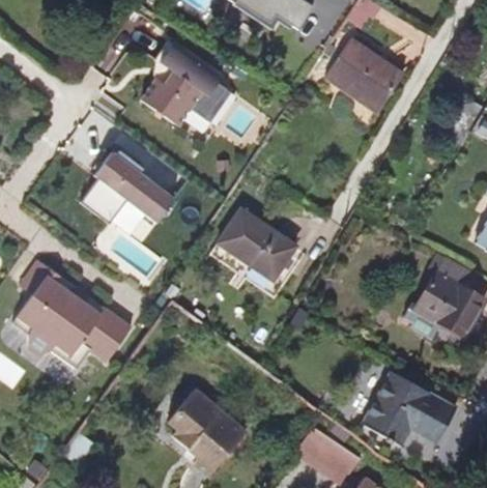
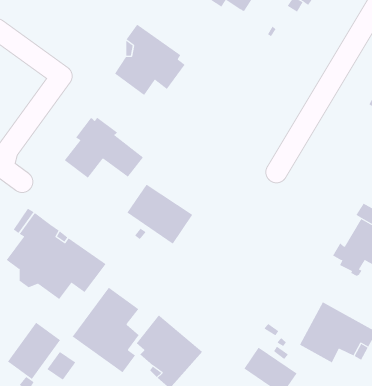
building: [324,38,403,113] -> none
building: [217,208,296,281] -> [126,184,193,244]
building: none -> [72,287,140,373]
building: none -> [7,322,61,380]

